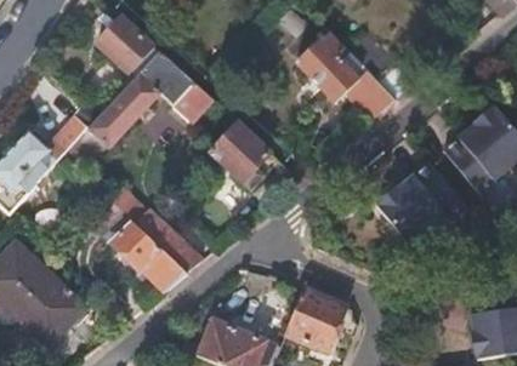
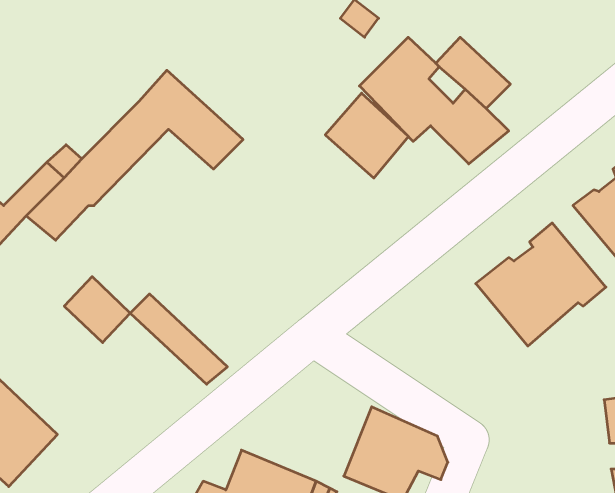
building: [97,16,160,74] -> none
building: [211,122,269,182] -> [325,93,409,178]
building: [115,222,188,291] -> none

